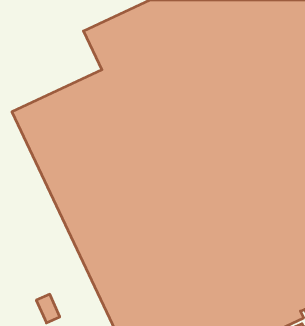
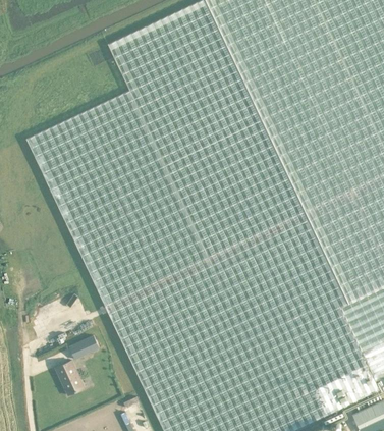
building: none -> [69,334,100,359]

